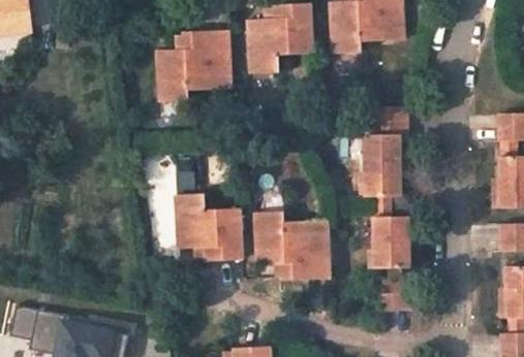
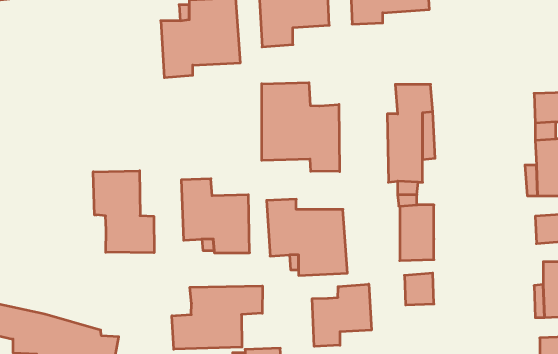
building: none -> [262,83,340,172]
building: none -> [93,171,154,253]
building: none -> [312,284,371,346]
building: none -> [172,286,262,349]

